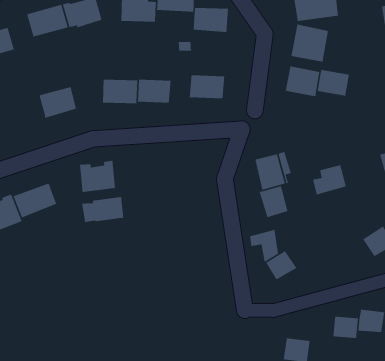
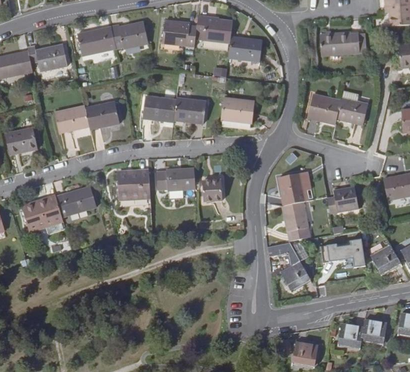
building: [290,23,329,62] -> none
building: none -> [54,105,89,132]
building: none -> [203,179,223,200]
building: [81,196,124,223] -> [158,169,196,191]
building: none -> [322,238,366,267]

